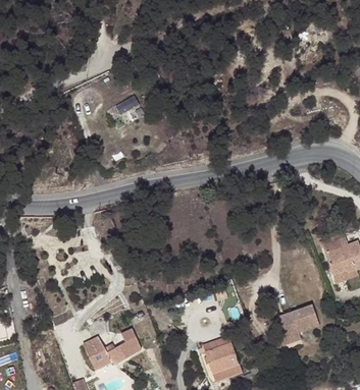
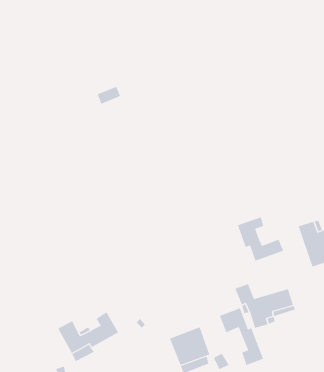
building: none -> [237,216,284,261]
building: none -> [219,308,264,366]

